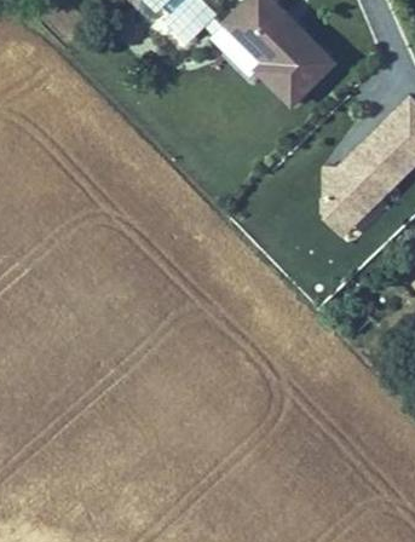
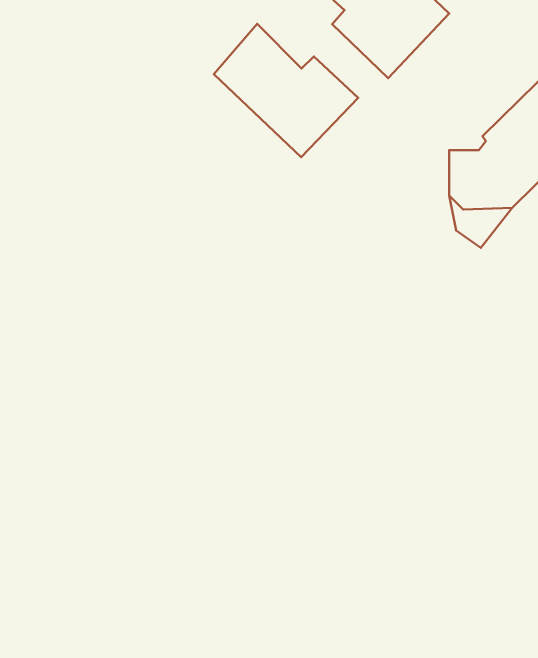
building: none -> [214,24,358,157]

